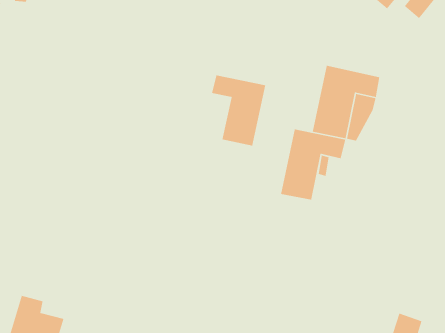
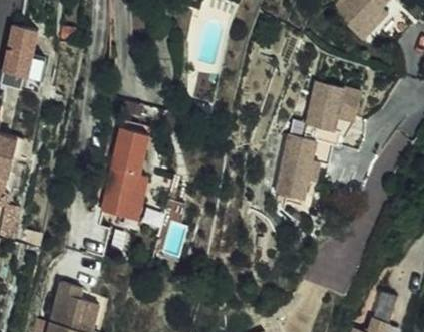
building: [211,74,266,147] -> none
building: none -> [103,129,149,221]

